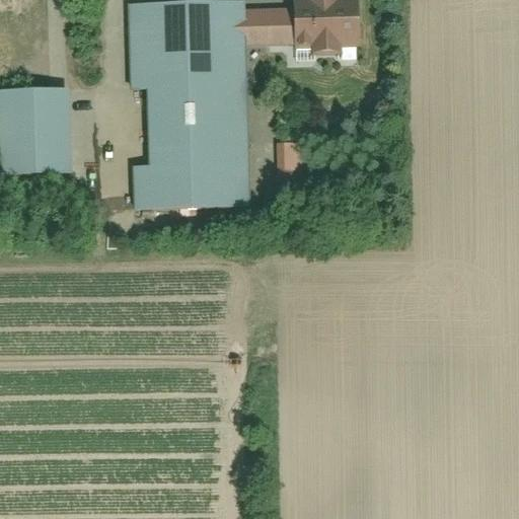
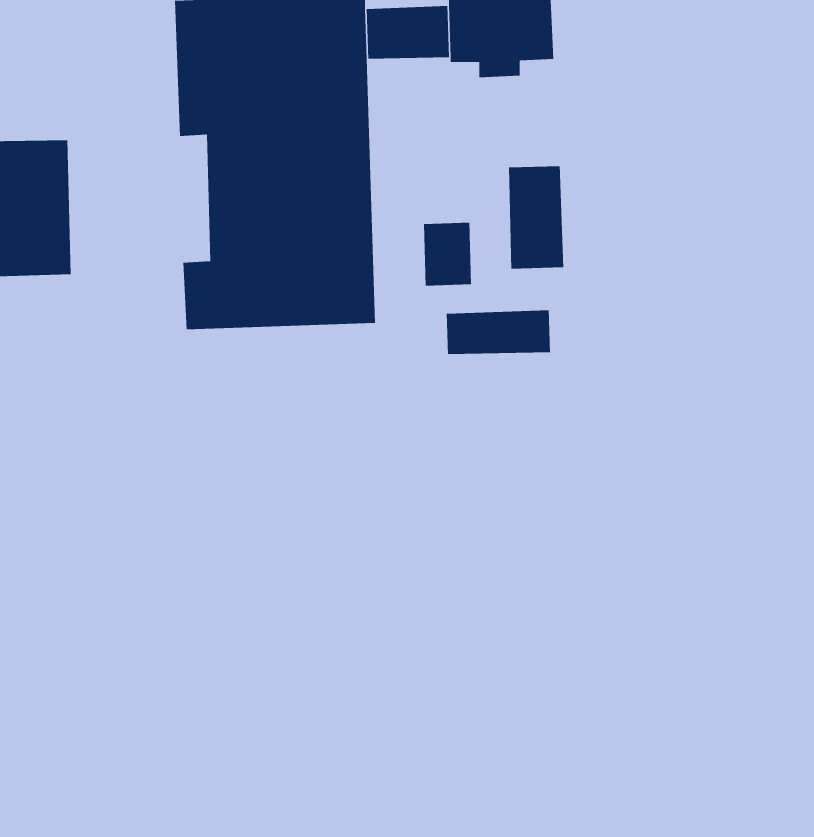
building: none -> [509,166,564,269]
building: none -> [446,309,550,355]

